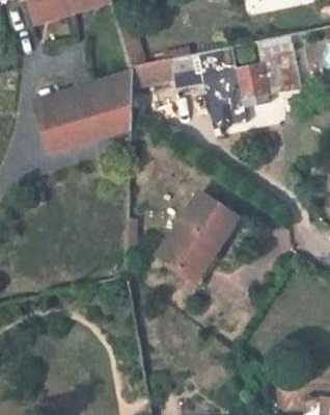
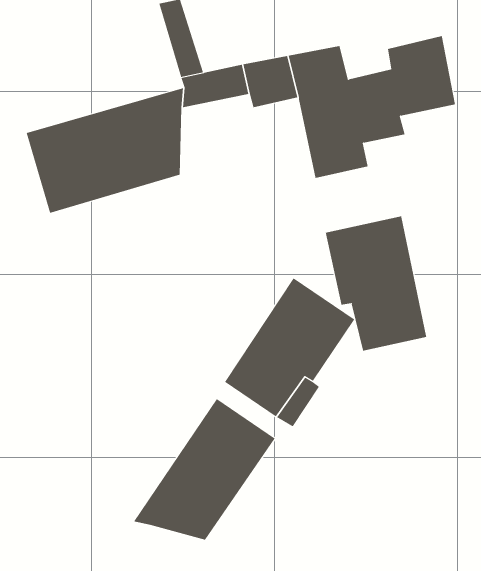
building: none -> [325,216,427,352]
building: none -> [133,398,275,541]

